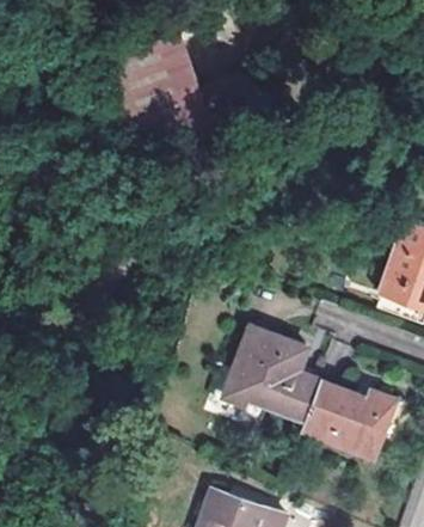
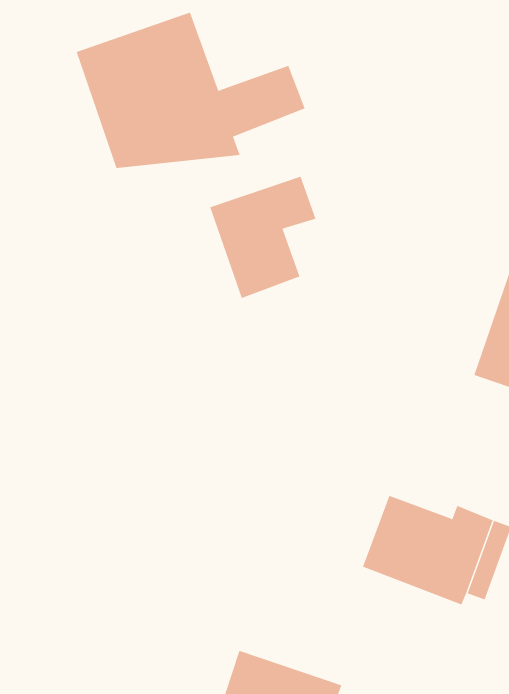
building: none -> [209,176,316,299]
building: [221,325,319,421] -> none

